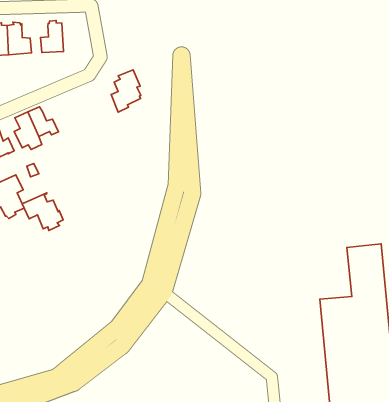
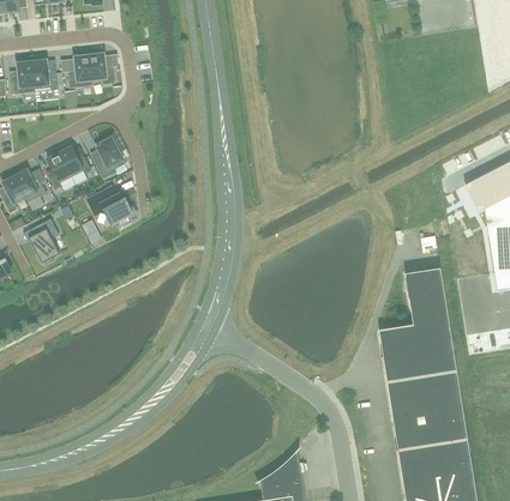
building: none -> [88,50,114,85]
building: [111,70,141,112] -> [92,134,124,180]
building: [22,193,63,230] -> [86,186,131,225]

